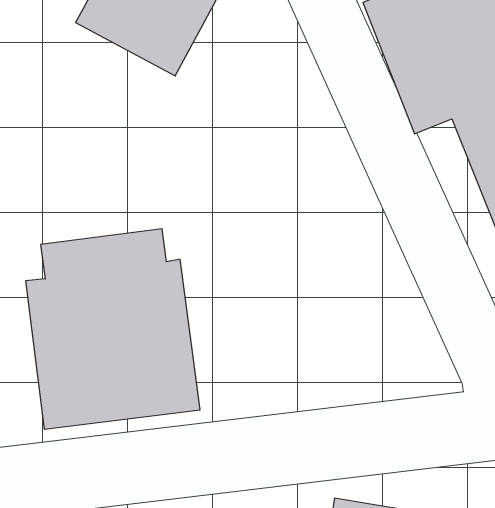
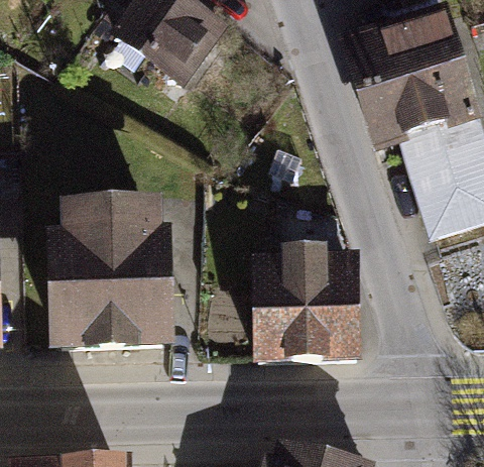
building: none -> [252,252,363,353]

